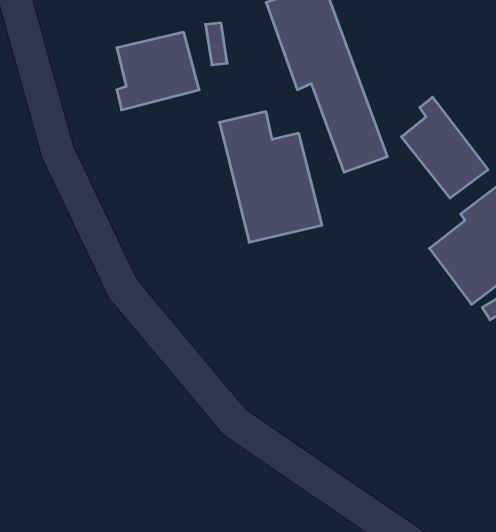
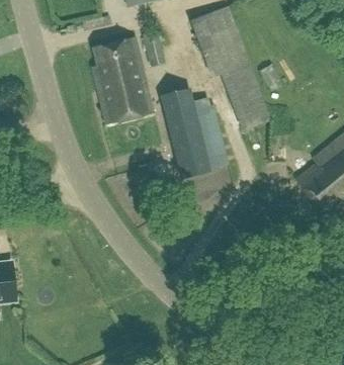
building: none -> [96,75,156,125]
building: [401,97,488,198] -> none

